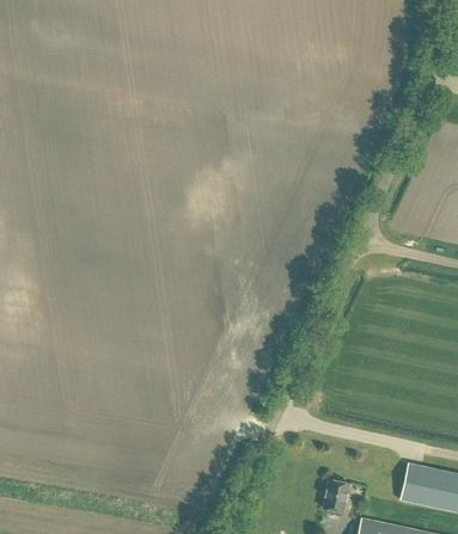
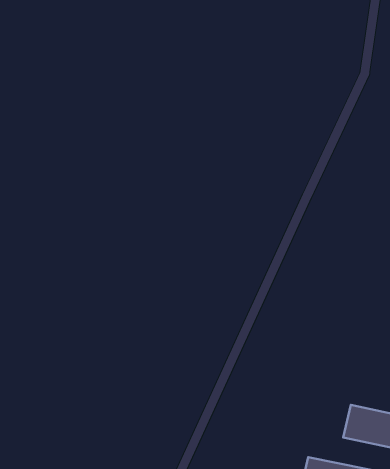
building: [322,478,349,510] -> none

